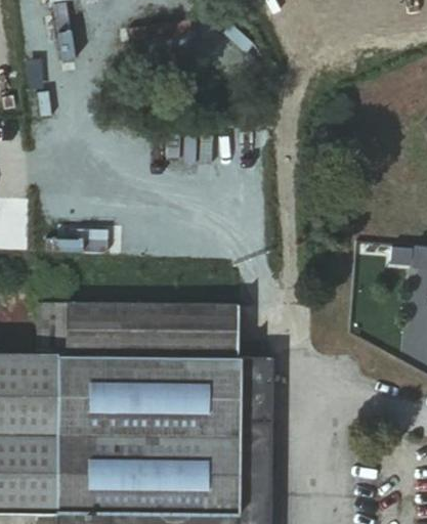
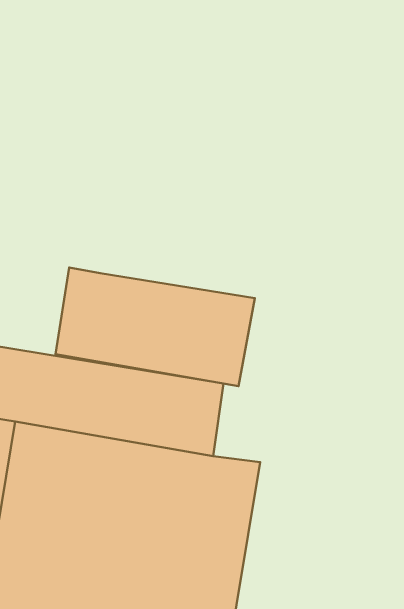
building: none -> [55,268,255,386]

